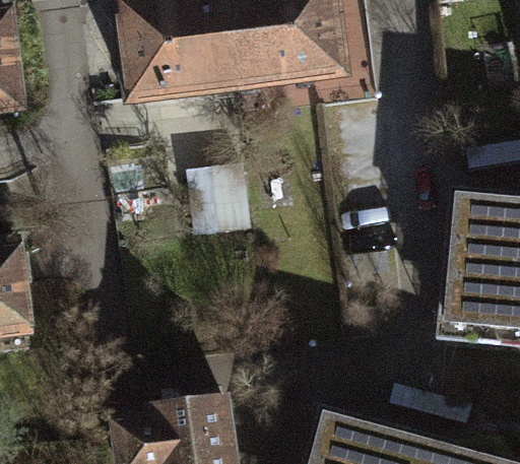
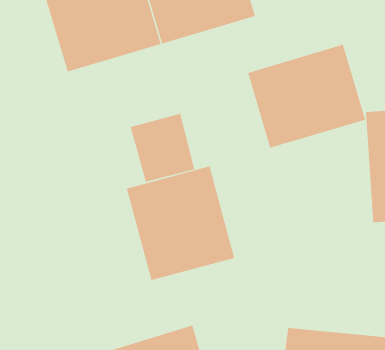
building: none -> [247,44,366,149]
building: none -> [126,166,235,281]

